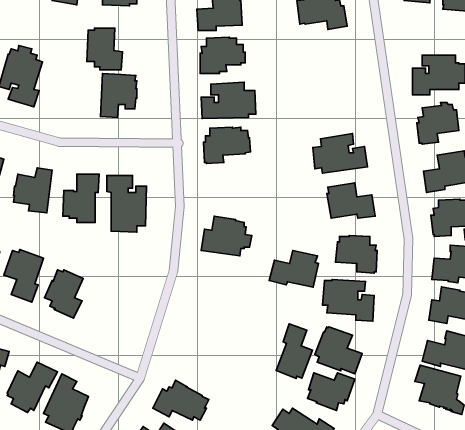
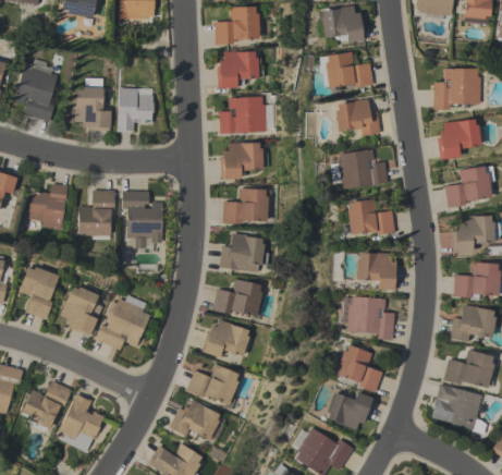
building: [87,28,122,70] -> [75,87,111,130]
building: none -> [319,51,374,88]
building: none -> [334,98,381,135]
building: none -> [222,188,271,223]
building: [269,251,318,287] -> [212,279,262,316]
building: none -> [96,294,150,350]
building: none -> [201,319,250,357]
building: [276,324,312,378] -> none
building: none -> [186,364,240,404]

